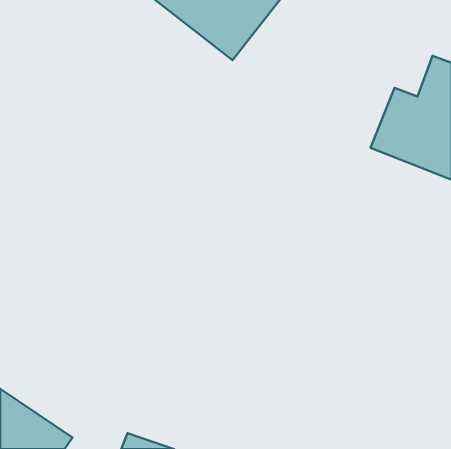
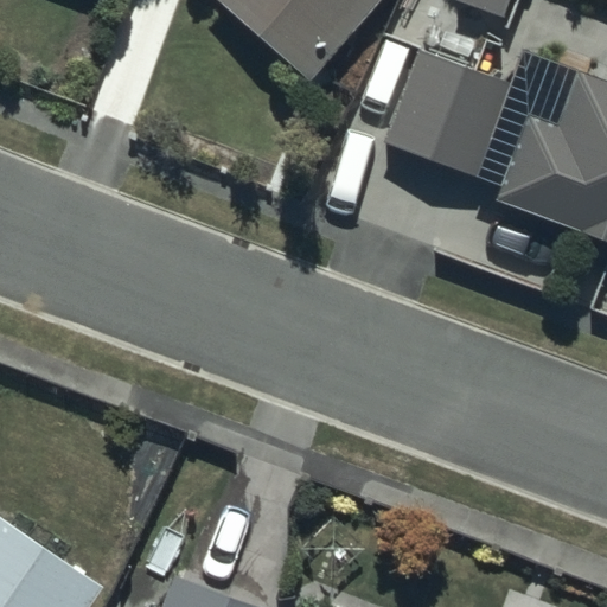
building: none -> [385,51,511,172]

